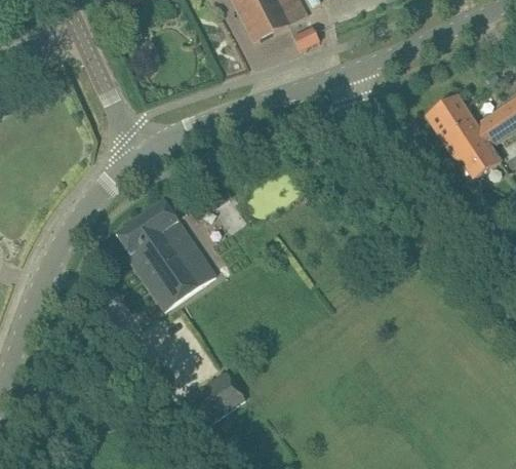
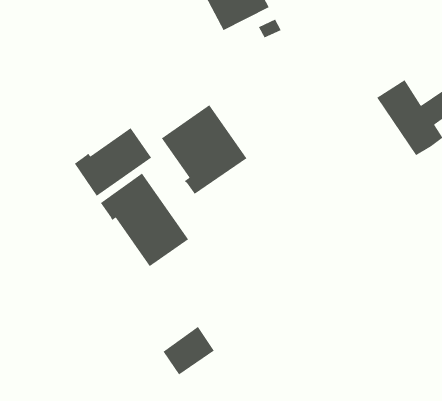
building: none -> [161,104,247,195]
building: none -> [74,127,152,197]

